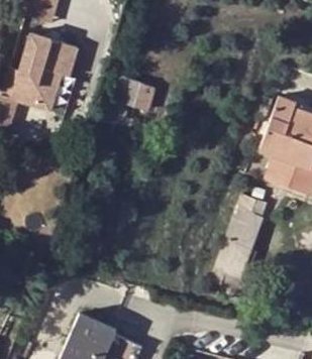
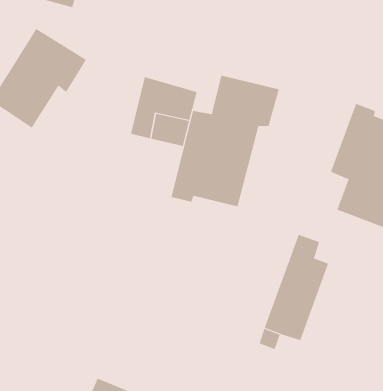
building: none -> [171,75,279,207]

